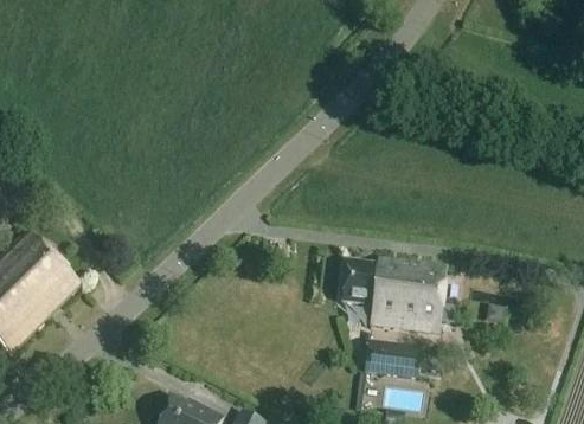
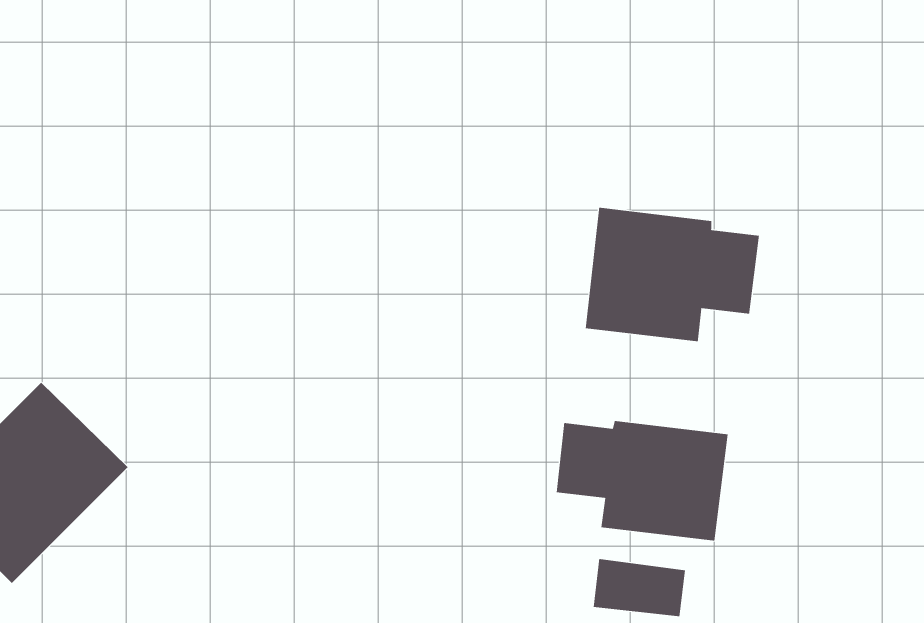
building: none -> [585,207,760,342]

